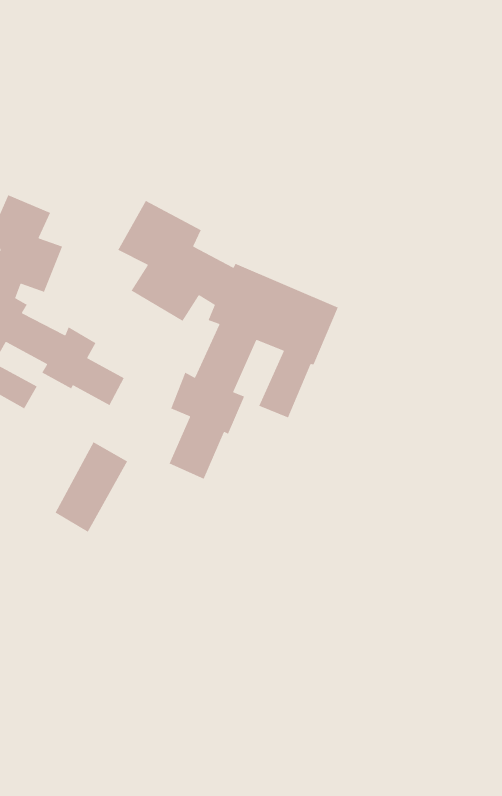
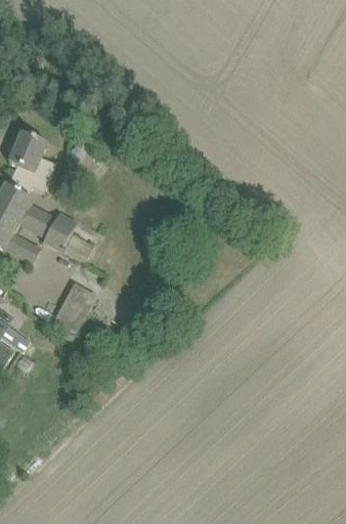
building: [117,200,339,480] -> none

